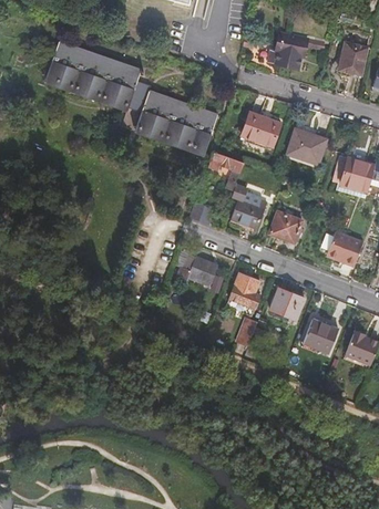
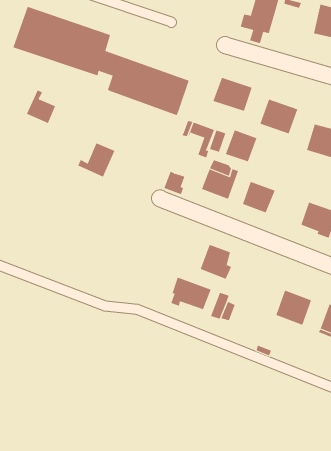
building: none -> [26,90,56,124]
building: none -> [225,130,257,162]
building: none -> [78,143,115,177]
building: [177,252,217,284] -> [170,277,212,310]
building: [270,287,306,321] -> none

